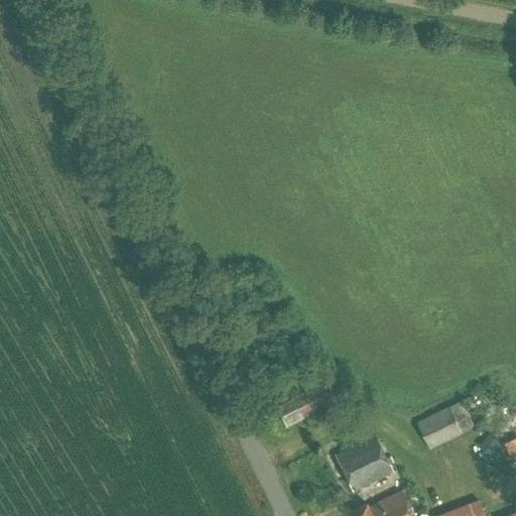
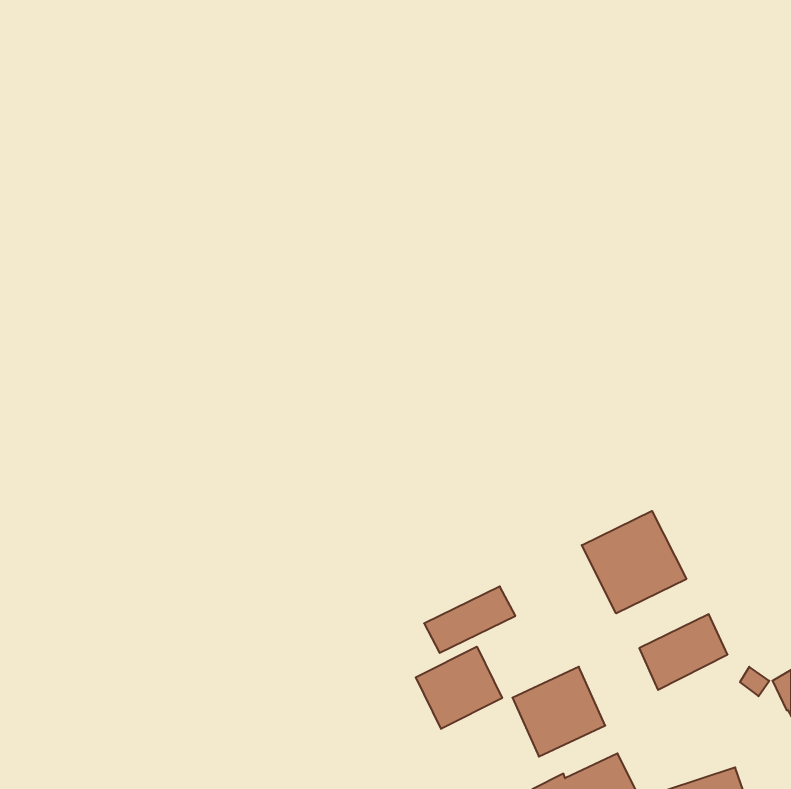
building: none -> [582,511,686,613]
building: none -> [416,647,502,729]

